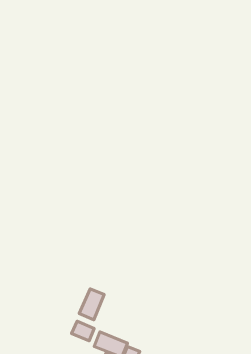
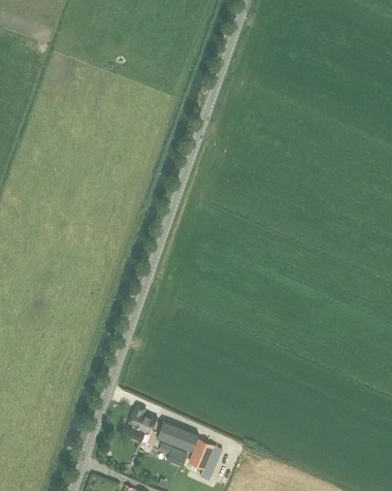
building: [79,289,104,320] -> none

